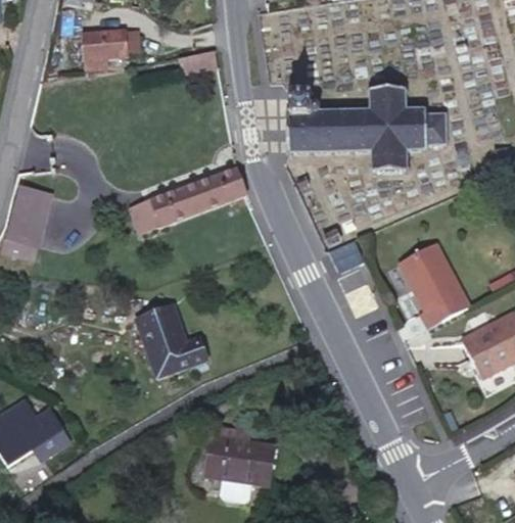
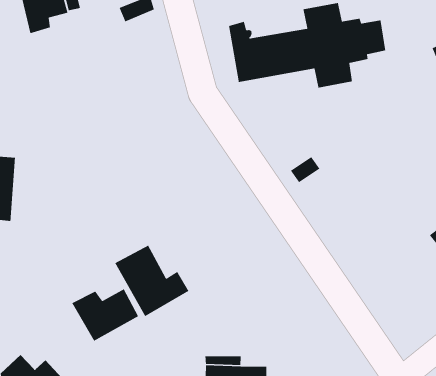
building: [130,167,245,233] -> none
building: [399,241,469,327] -> none
building: none -> [71,288,139,342]

